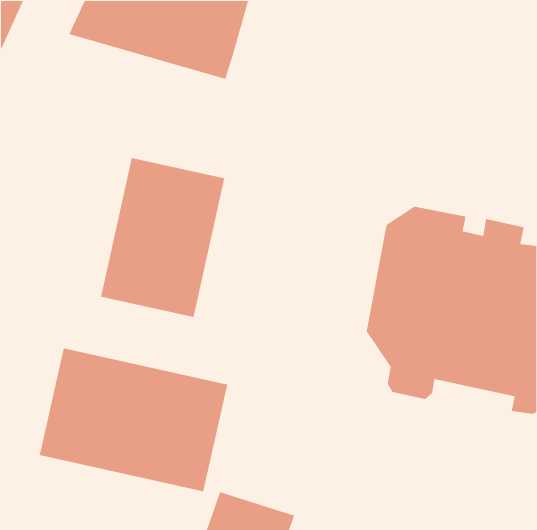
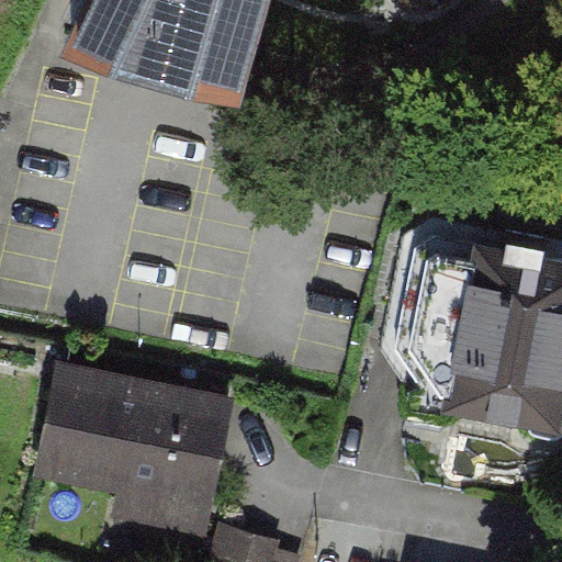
building: [100,157,225,318] -> none

